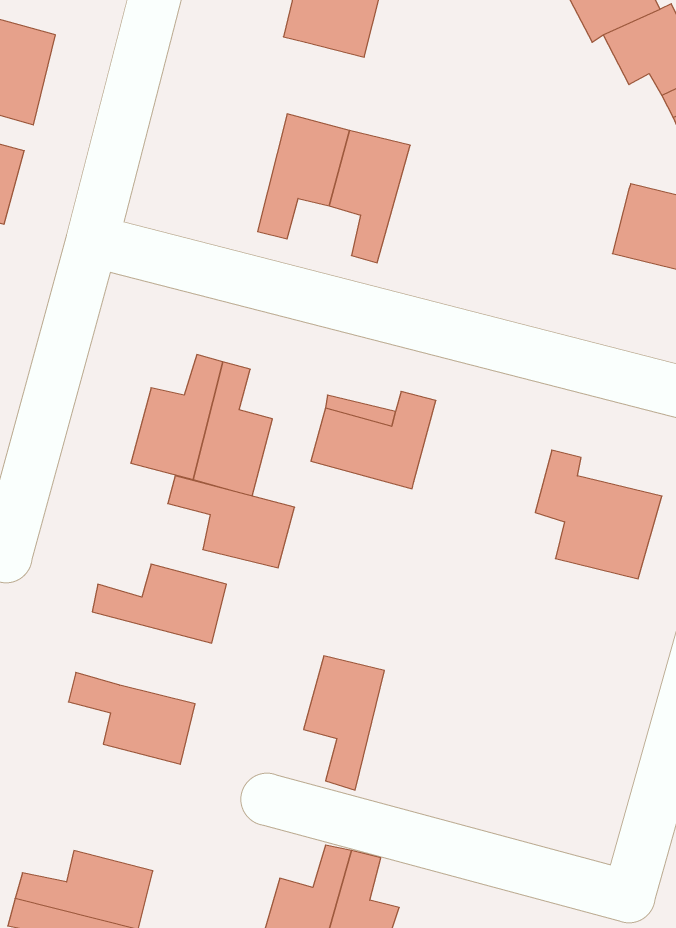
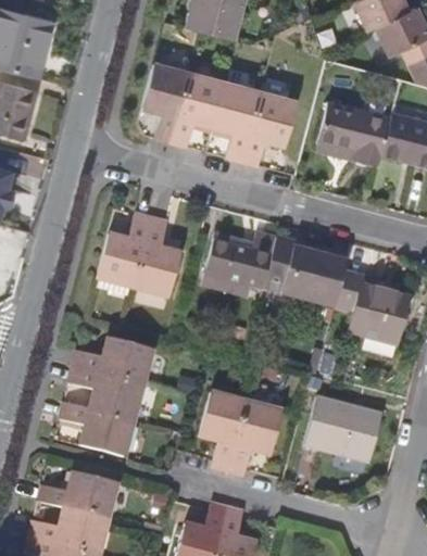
building: none -> [142,62,189,141]
building: none -> [242,90,297,164]
building: none -> [317,101,391,161]
building: none -> [264,241,348,307]
building: [168,476,295,568] -> [70,366,145,420]
building: none -> [305,397,381,463]
building: none -> [229,401,282,476]
building: none -> [38,470,120,519]

